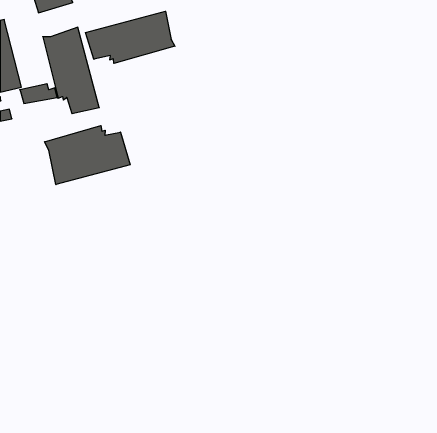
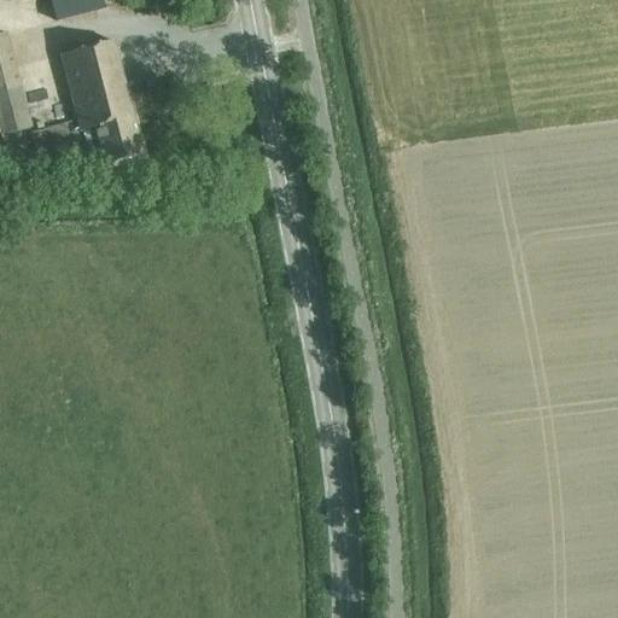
building: [85,11,175,63] -> none
building: [45,126,130,185] -> none

